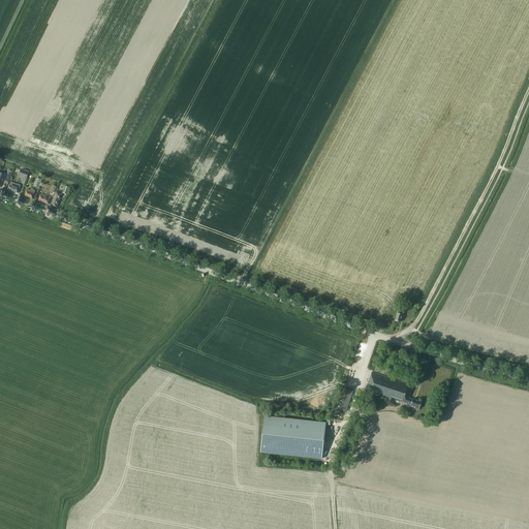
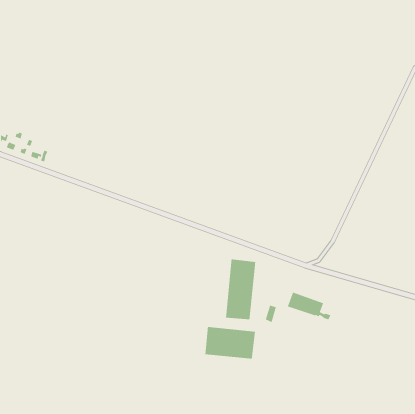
building: none -> [225,258,256,320]

